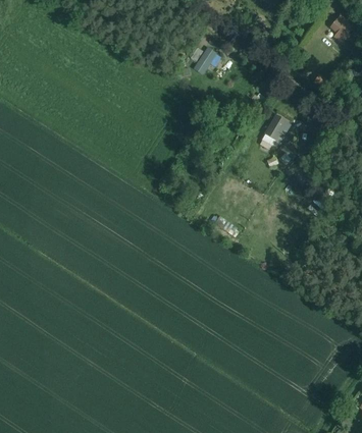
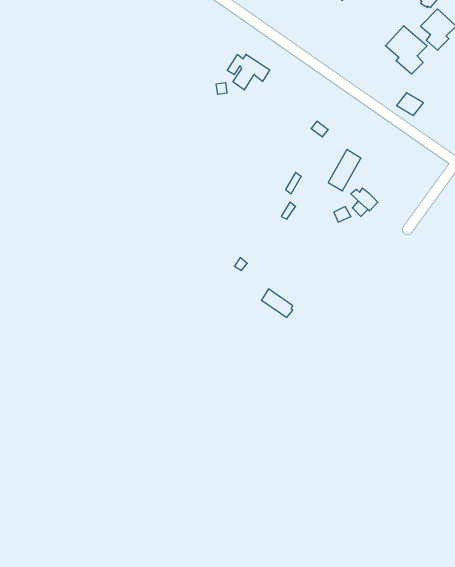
building: none -> [385,26,427,74]

